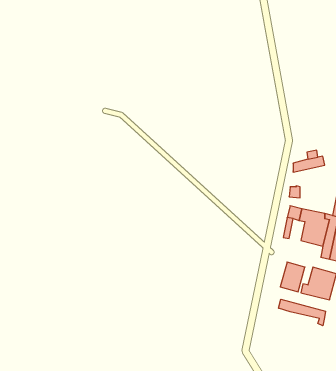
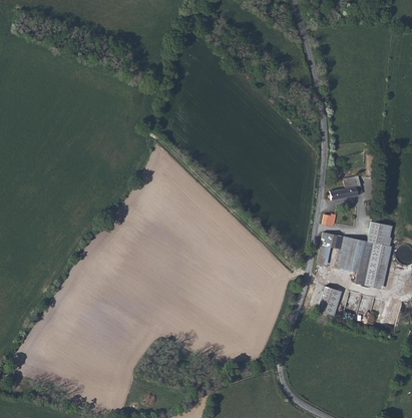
building: [279,299,326,326] -> none

